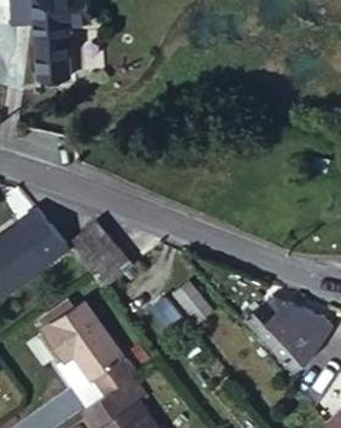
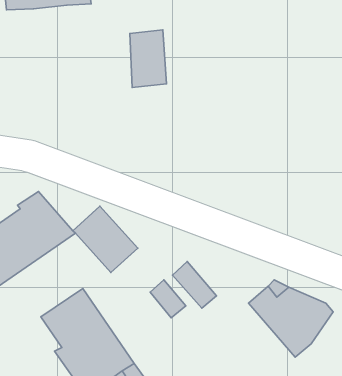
building: [34,24,70,81] -> [130,30,167,87]

